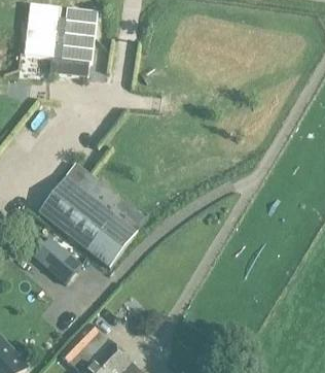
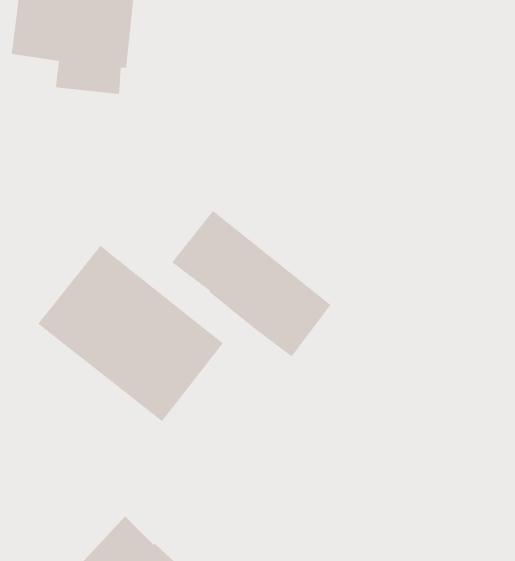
building: none -> [171,210,332,358]
building: [38,237,83,281] -> none

